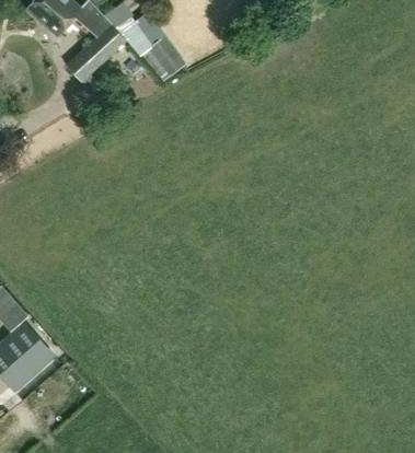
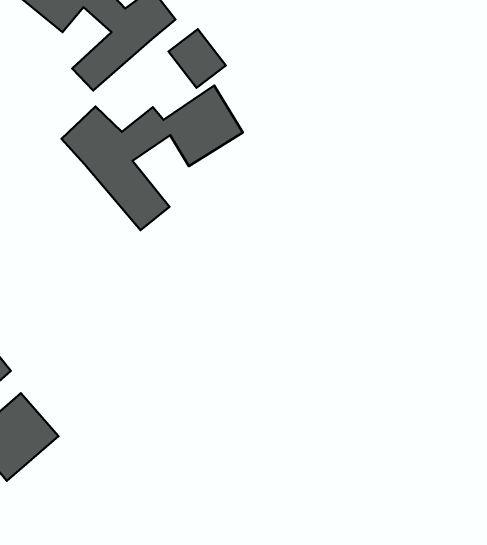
building: none -> [62,86,243,230]

